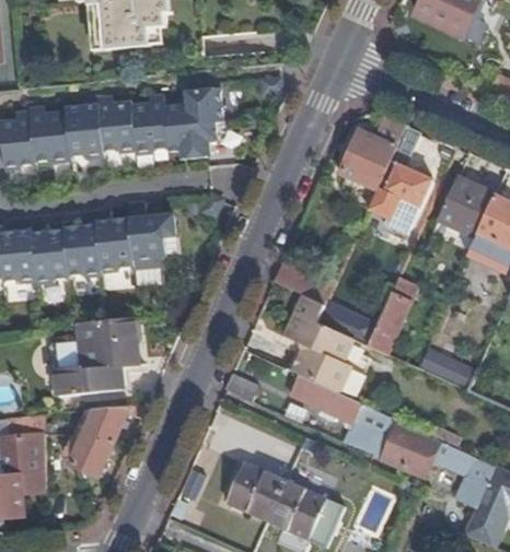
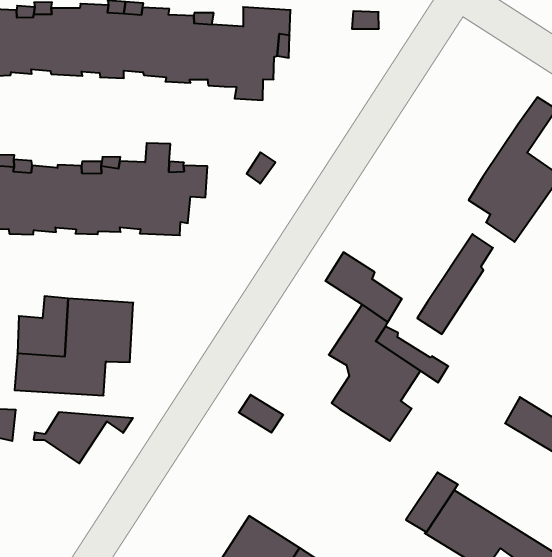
building: [339,130,395,188] -> none
building: [367,275,414,352] -> [417,234,493,334]
building: [290,374,362,427] -> none
building: [65,431,114,478] -> none

